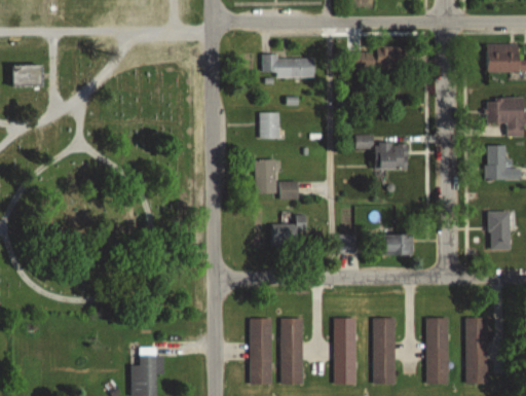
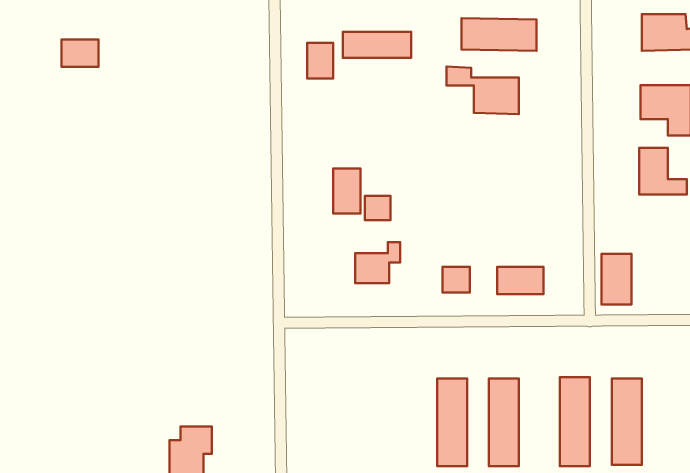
building: [13,66,41,86] -> [62,39,98,67]
building: [259,112,278,139] -> [307,43,333,78]
building: [354,135,409,171] -> [446,66,519,114]
building: [488,212,511,250] -> [602,254,632,305]
building: [250,320,272,386] -> none
building: [280,329,302,386] -> none

